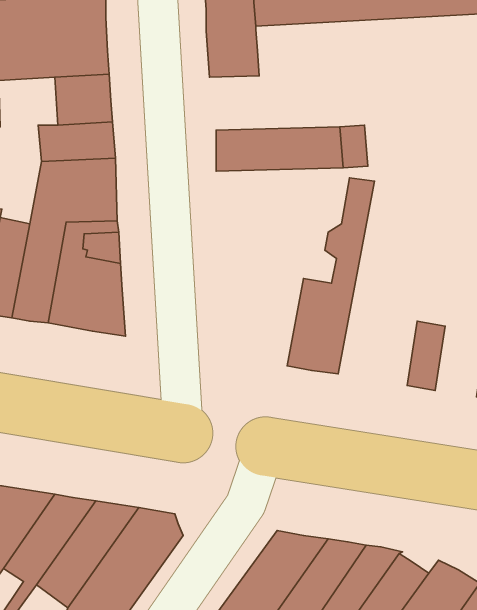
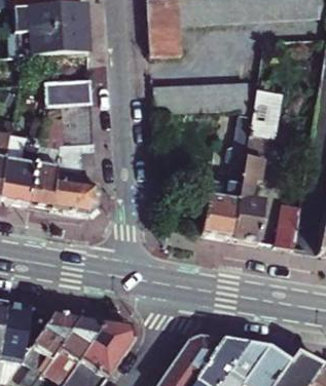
building: none -> [230,90,278,243]

